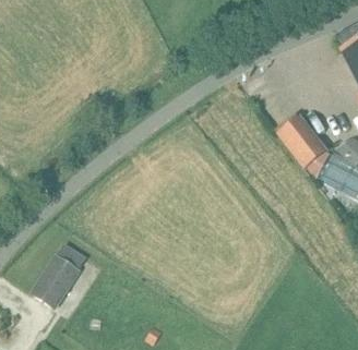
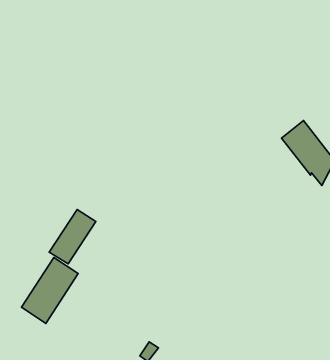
building: none -> [49,210,96,264]

